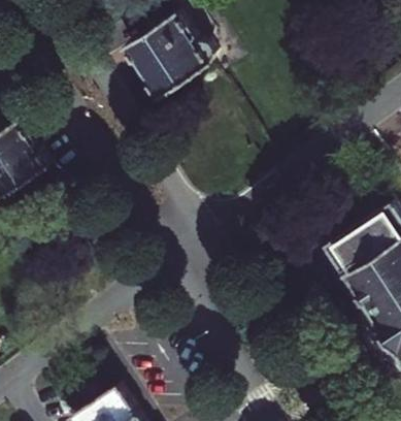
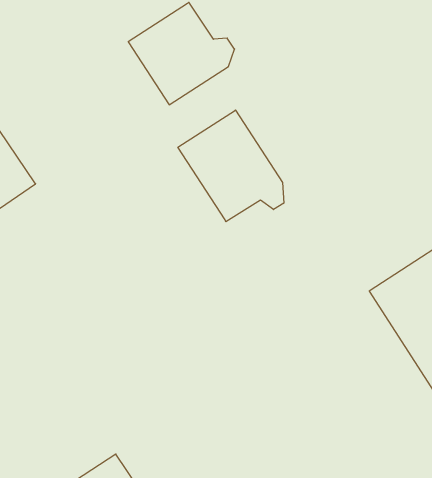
building: none -> [178,110,284,222]

